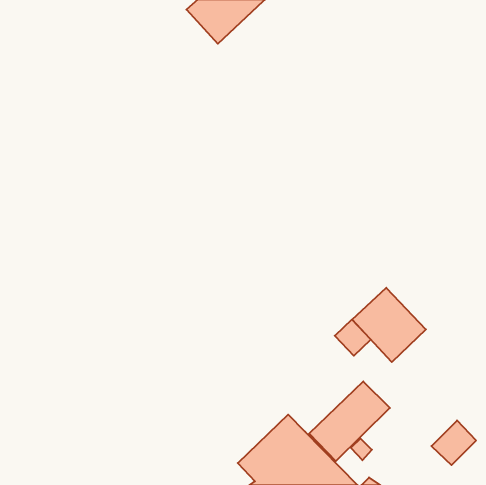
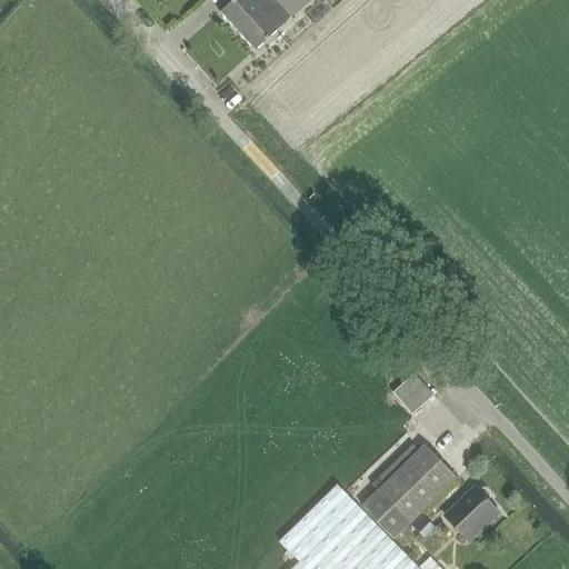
building: [352,288,426,362] -> none
building: [431,420,476,465] -> [446,488,498,540]

